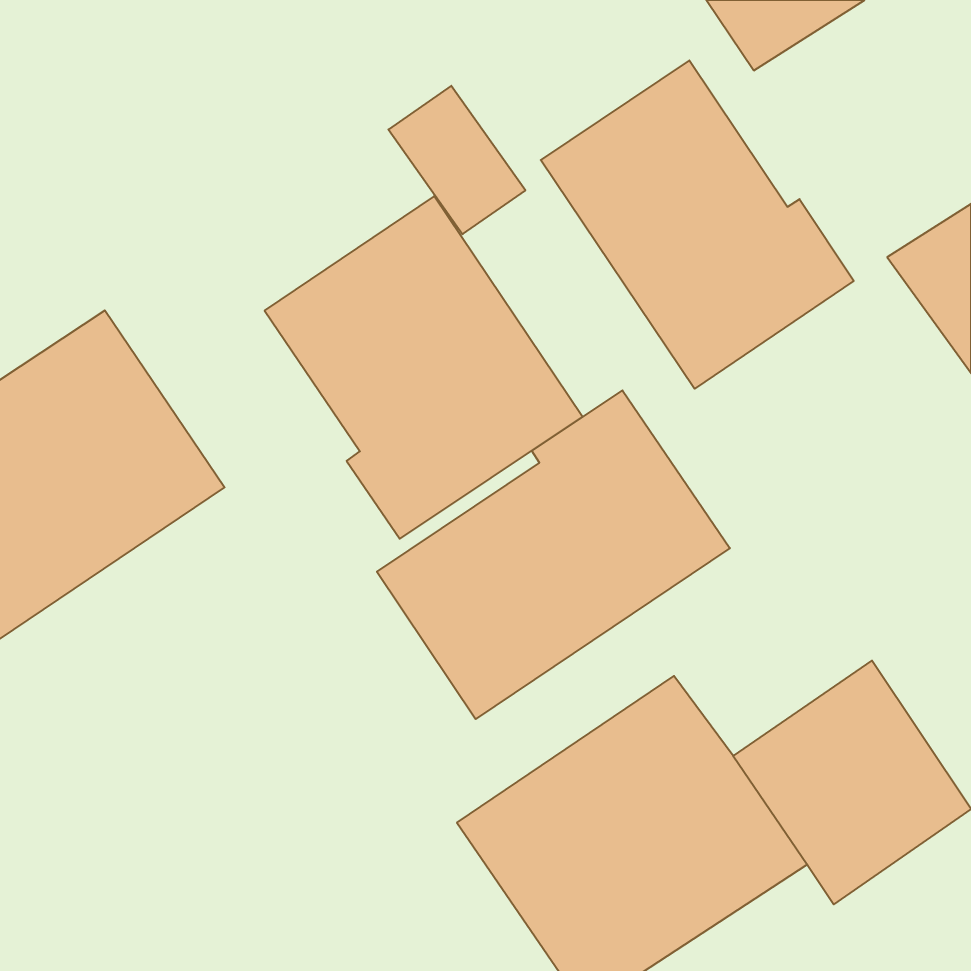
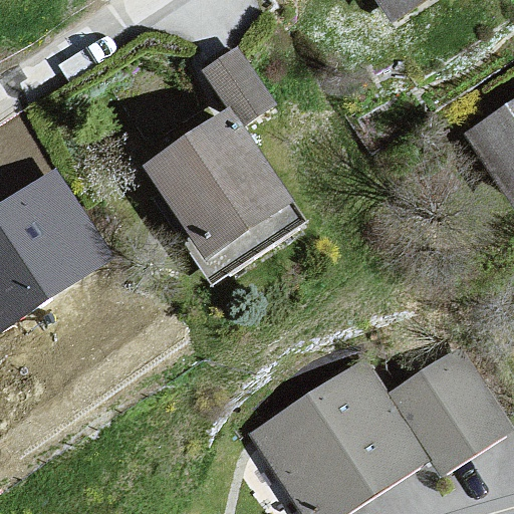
building: [541,60,854,389] -> none
building: [377,390,730,719] -> none

